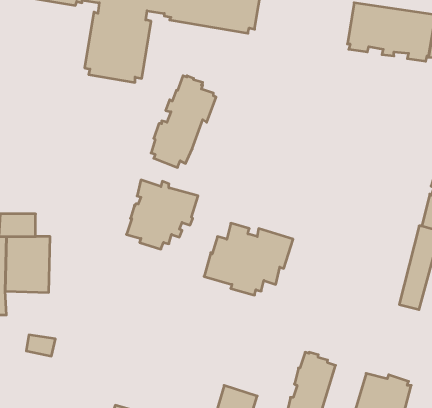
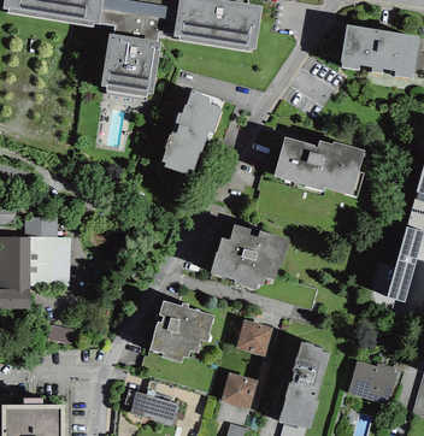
building: none -> [273,136,365,195]
building: [126,180,198,249] -> [149,300,214,363]
building: none -> [235,318,273,357]

